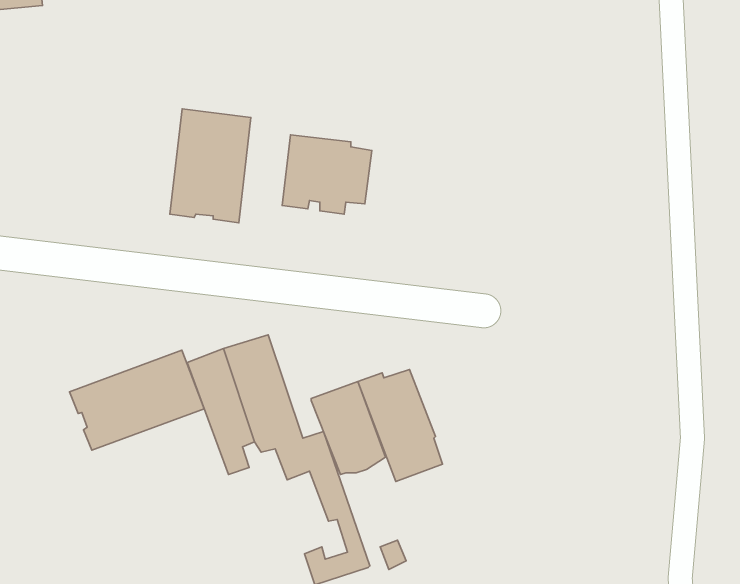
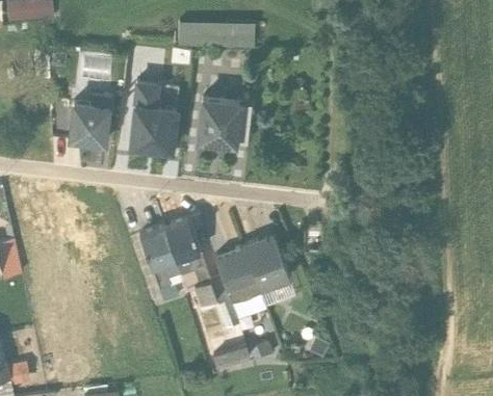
building: none -> [177,22,252,48]
building: none -> [68,91,109,141]
building: [69,350,204,450] -> none

